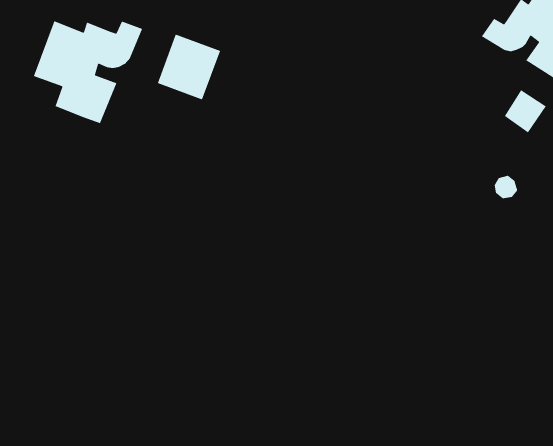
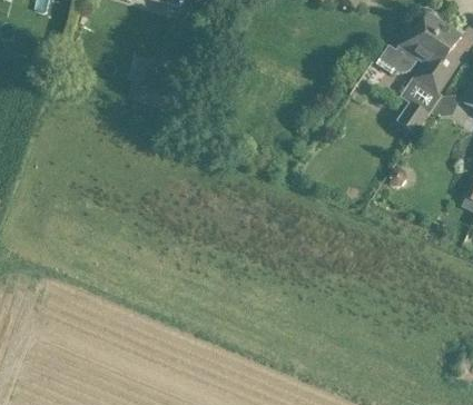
building: [33,20,143,124] -> none

